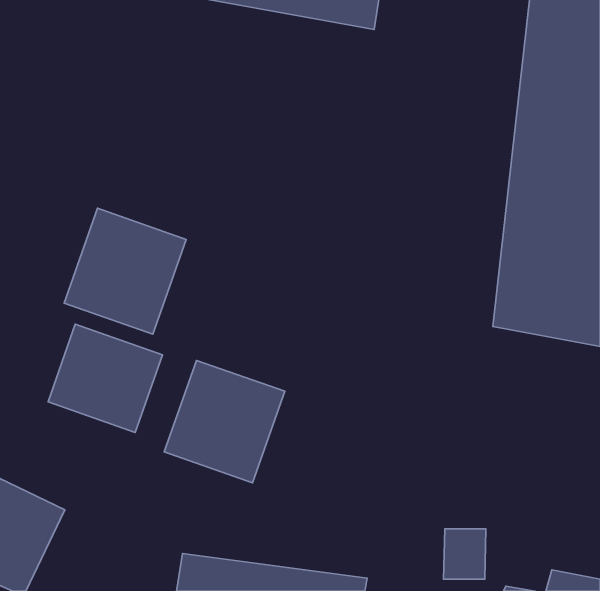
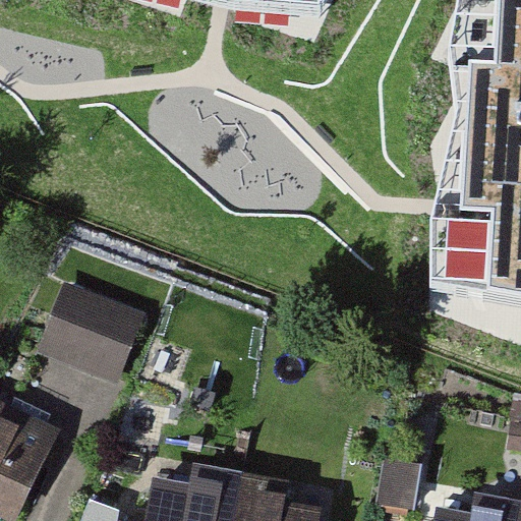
building: [64,208,186,334] -> none
building: [164,360,285,483] -> none

